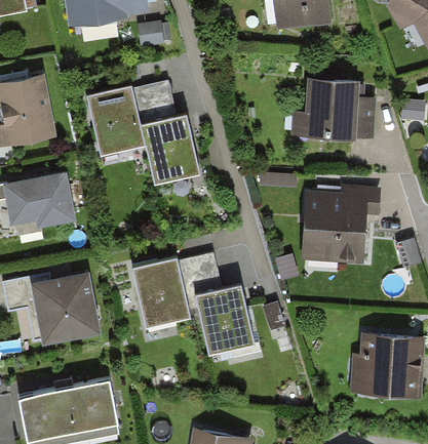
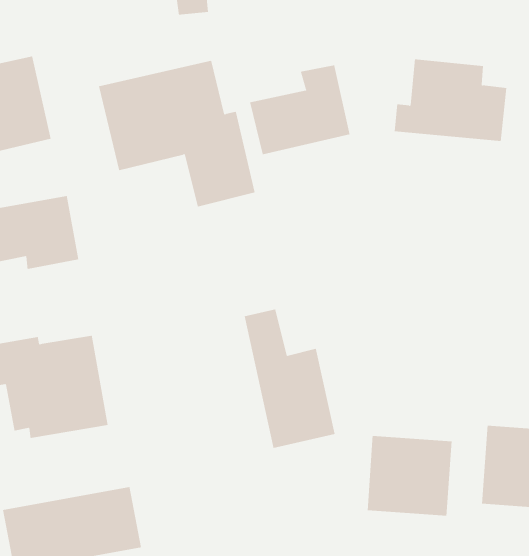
building: none -> [250,64,350,155]
building: [303,185,382,263] -> none
building: [132,256,190,325] -> none
building: none -> [367,435,452,517]

